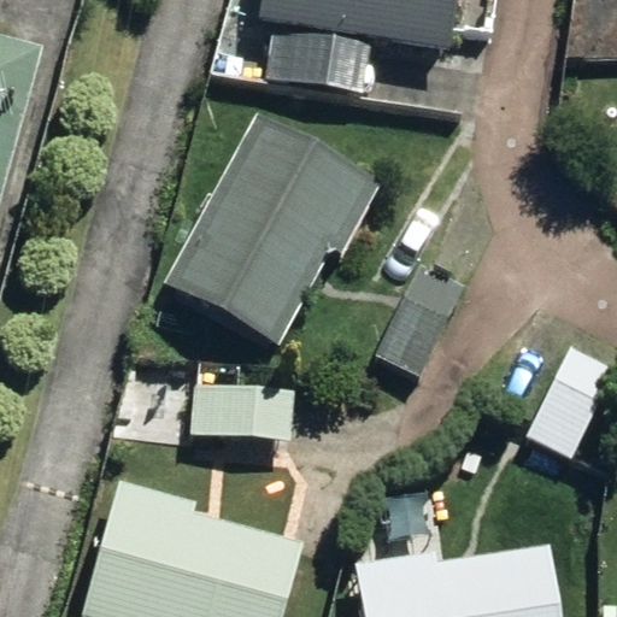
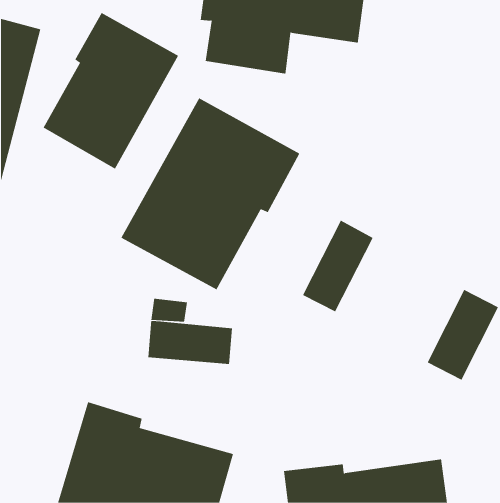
building: none -> [43,12,179,169]

